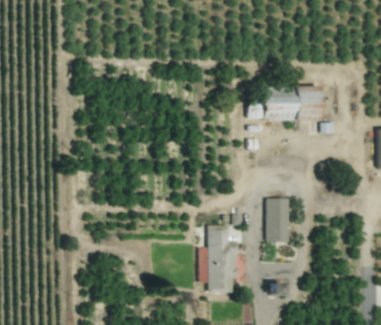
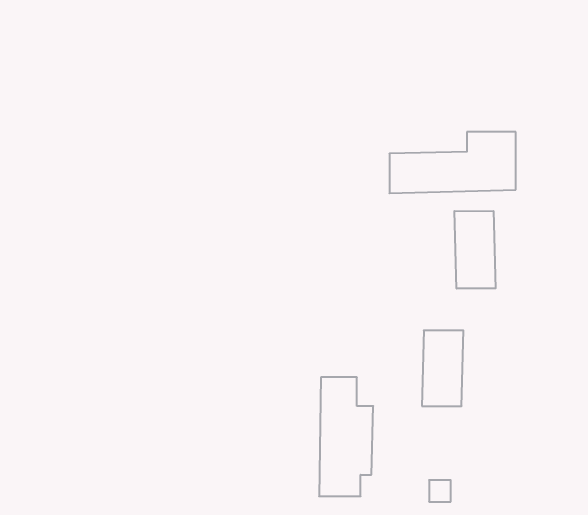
building: none -> [454,211,496,289]

